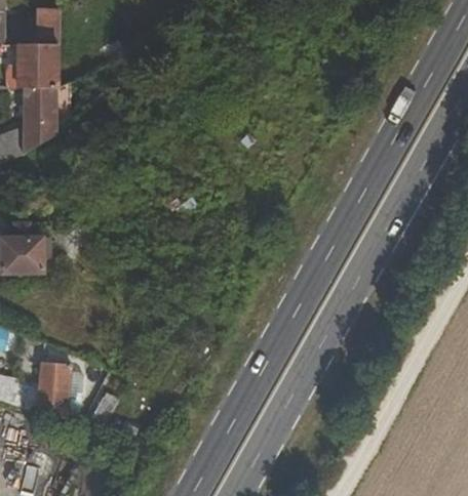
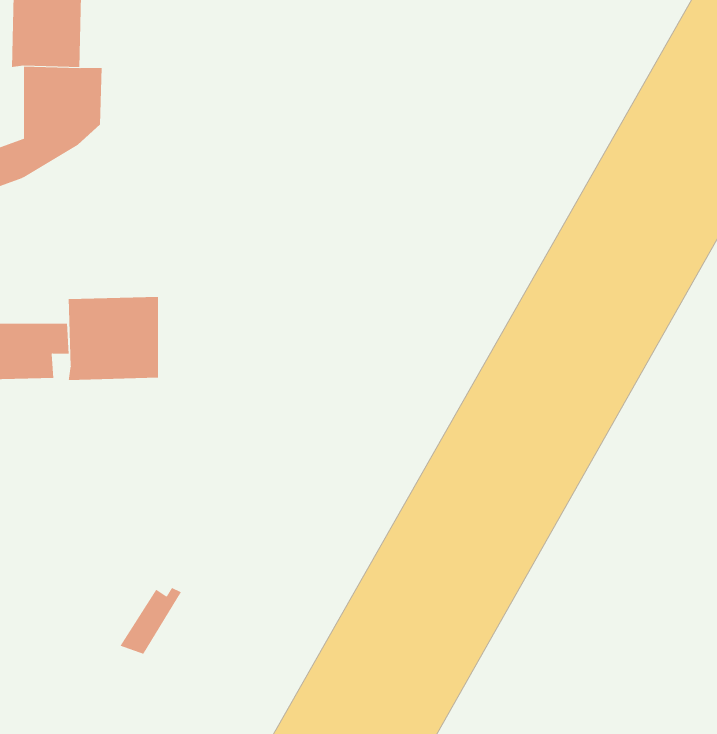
building: none -> [68,296,159,381]
building: [36,362,69,414] -> none

